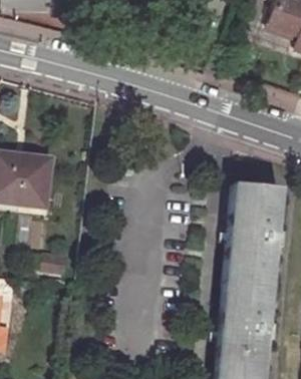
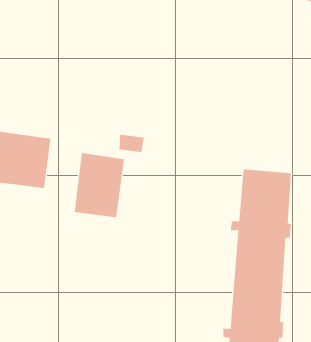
building: none -> [74,152,124,218]

